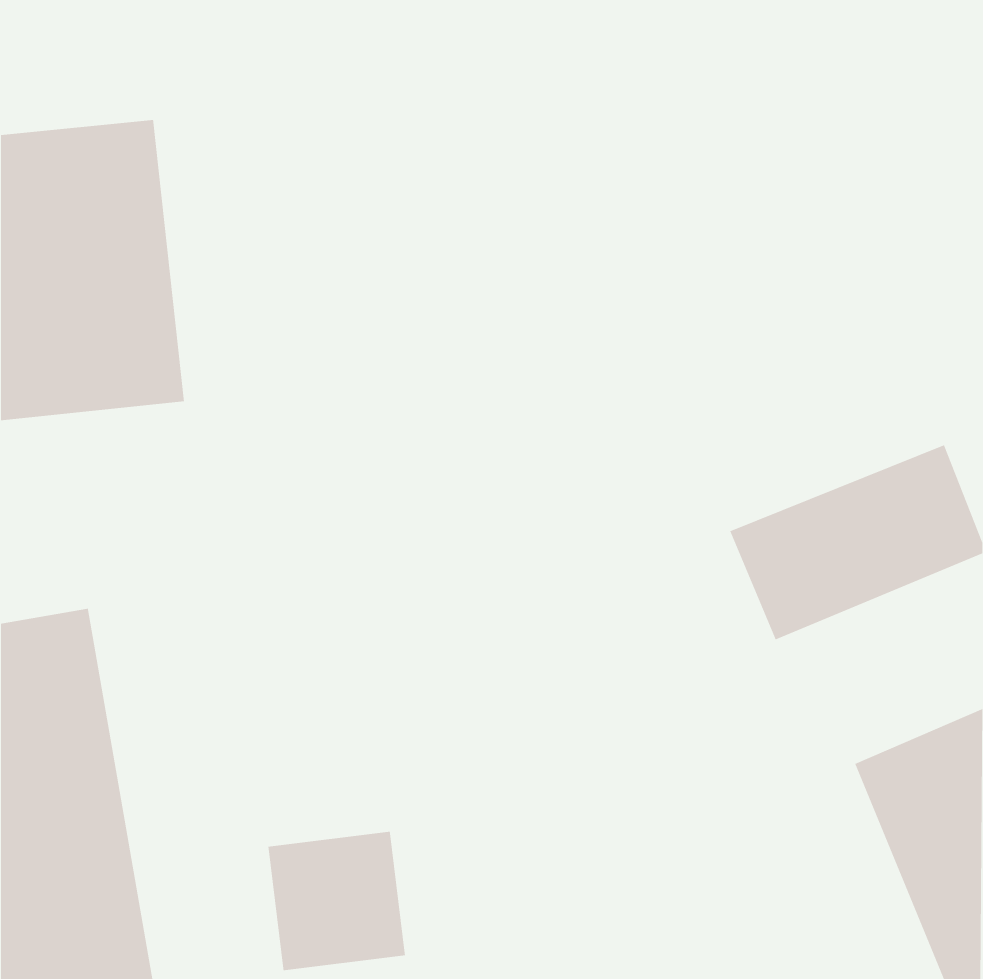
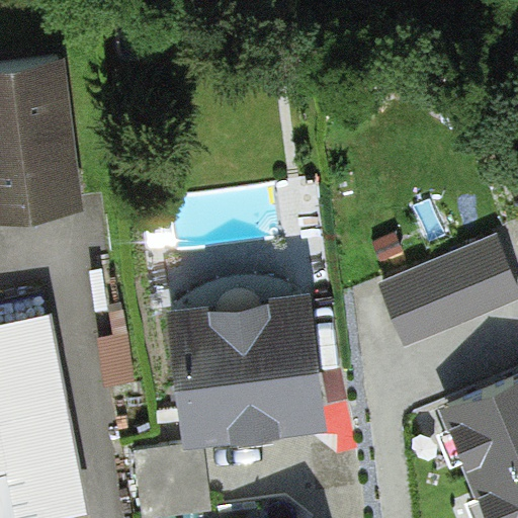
building: none -> [179,297,318,423]

